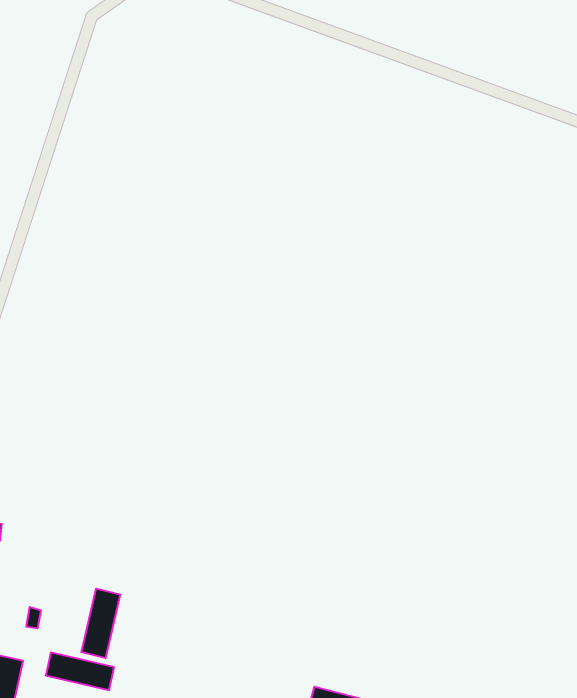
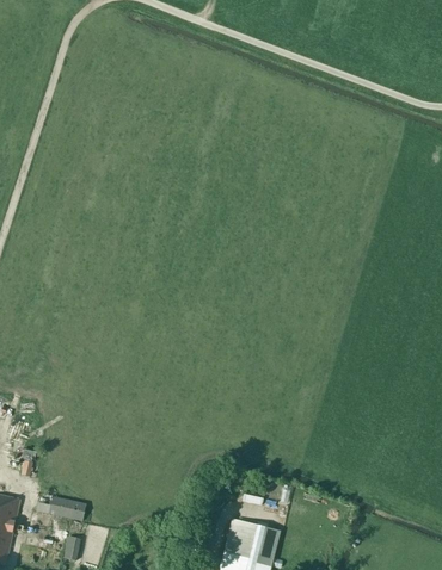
building: [81,589,120,658] -> none

